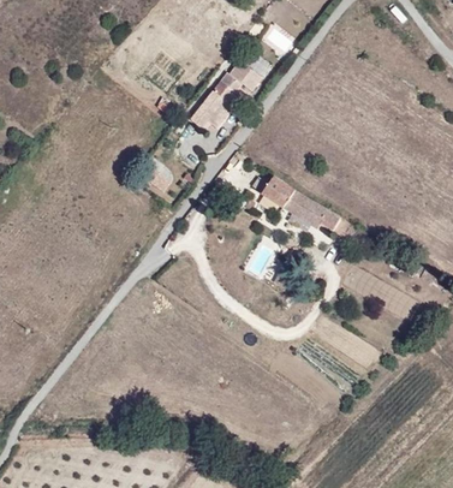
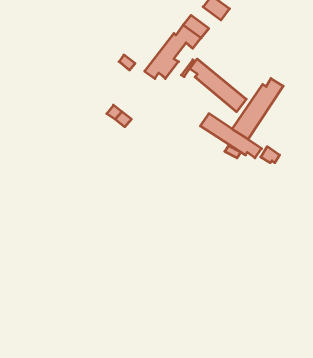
building: none -> [190,59,246,112]
building: none -> [232,78,283,139]

